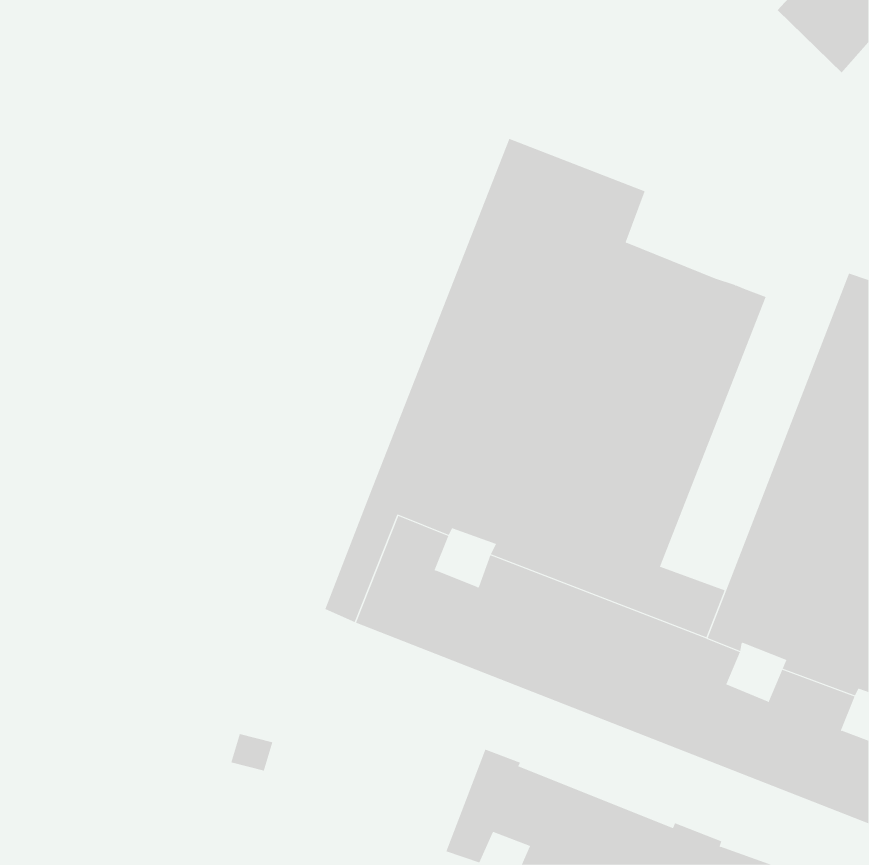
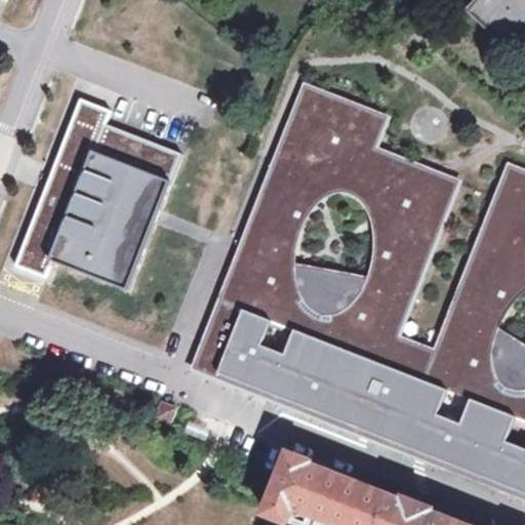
building: none -> [14,96,181,289]

